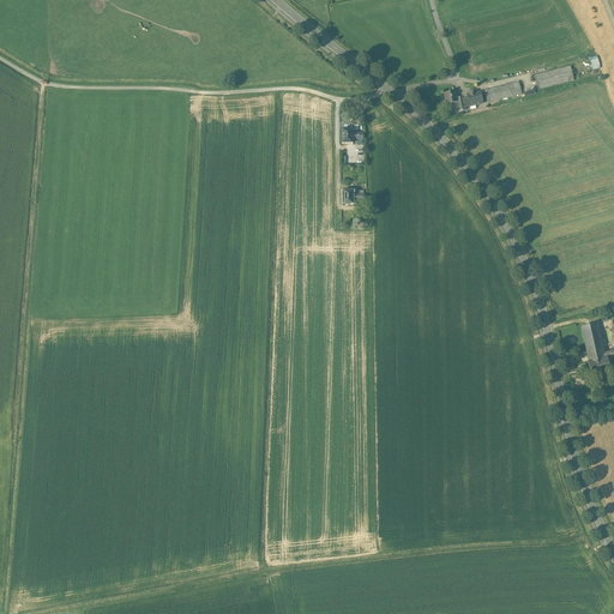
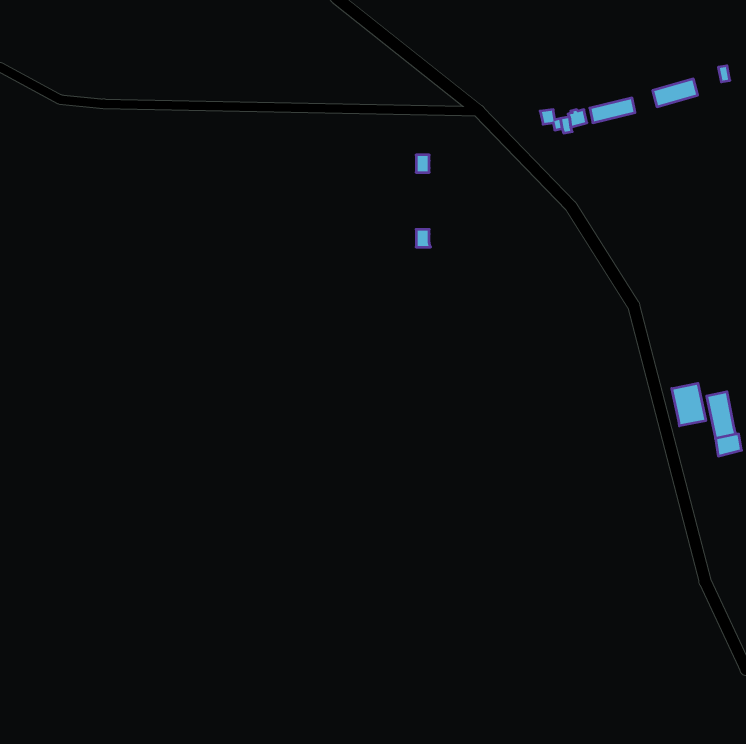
building: none -> [672,383,706,426]

